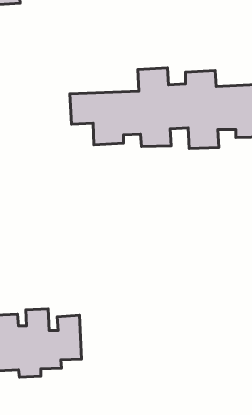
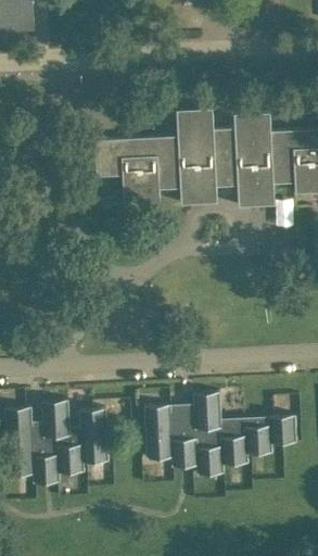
building: none -> [143,391,295,473]

